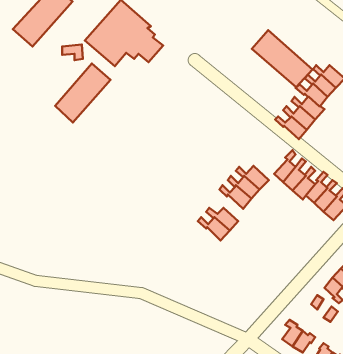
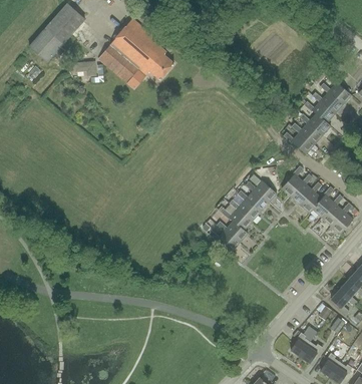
building: [252,30,313,87] -> none
building: [55,63,111,122] -> none
building: none -> [221,204,252,231]

